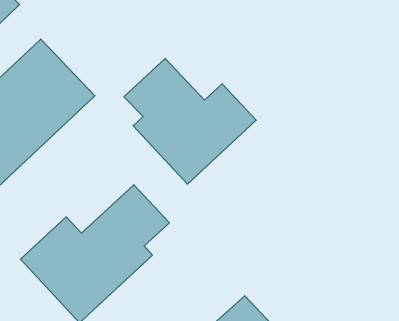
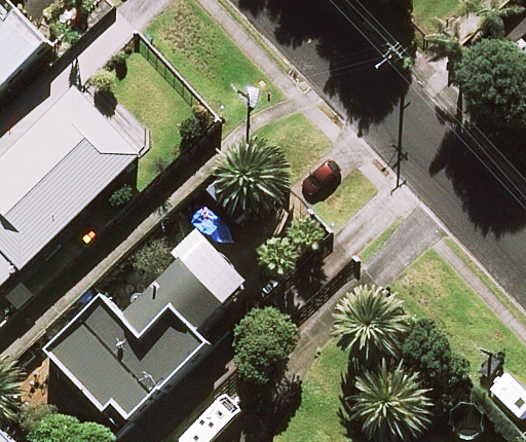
building: [124,58,256,184] -> none

